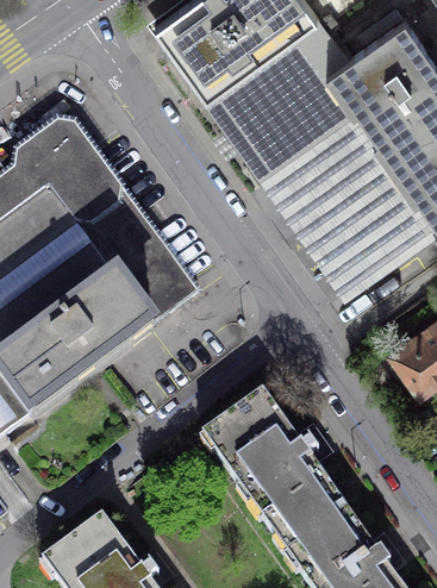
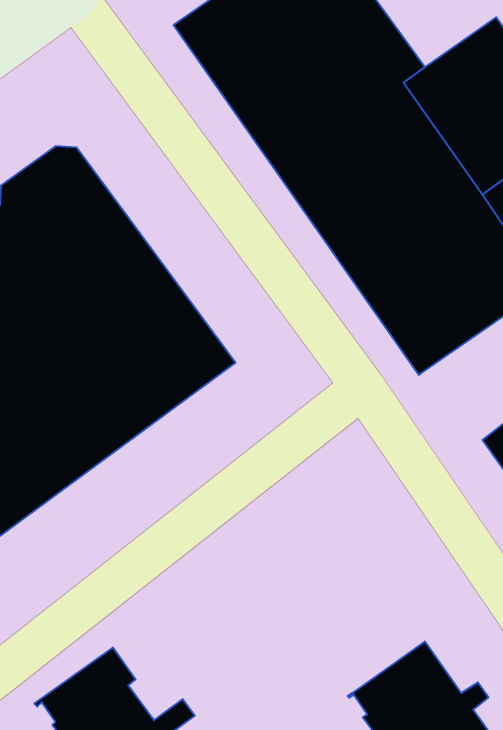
building: [201,389,348,550] -> none

